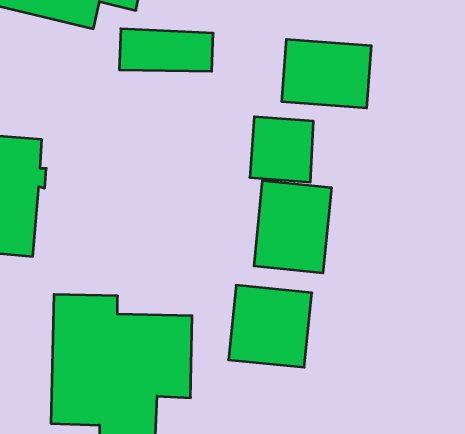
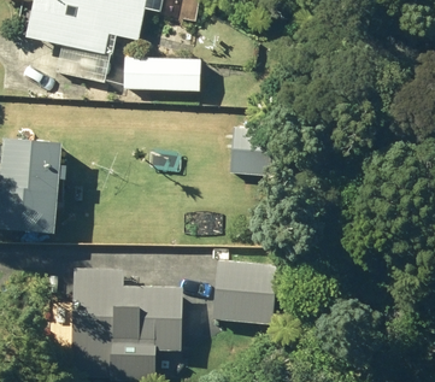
building: [282,39,371,108] -> none
building: [254,181,331,273] -> none

